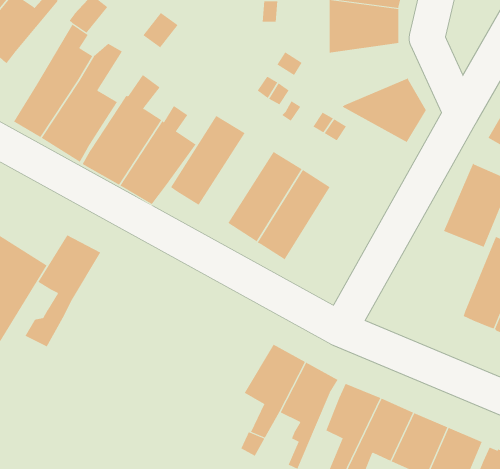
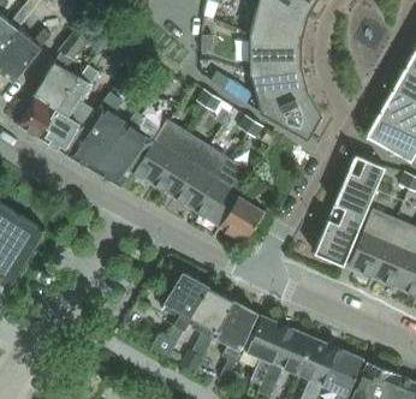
building: none -> [250,66,309,112]
building: none -> [155,132,209,198]
building: none -> [213,175,265,242]
building: none -> [314,204,364,266]
building: [24,234,101,347] -> [153,274,209,357]

